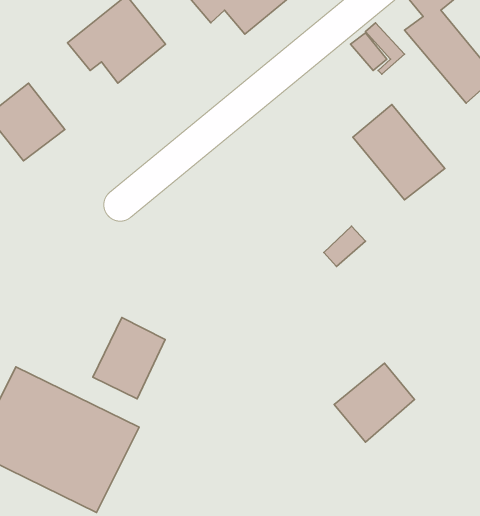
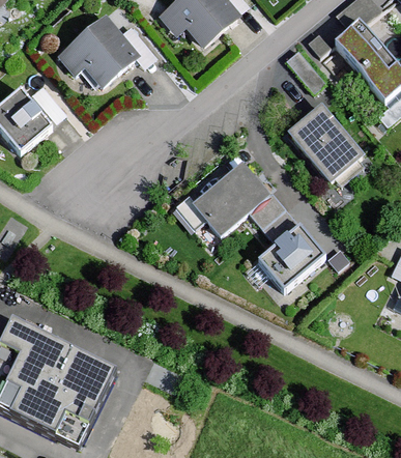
building: none -> [192,162,271,238]
building: [93,318,165,399] -> none
building: [334,363,415,442] -> [259,227,325,292]

